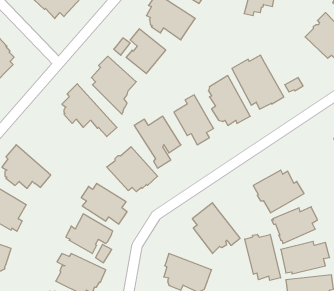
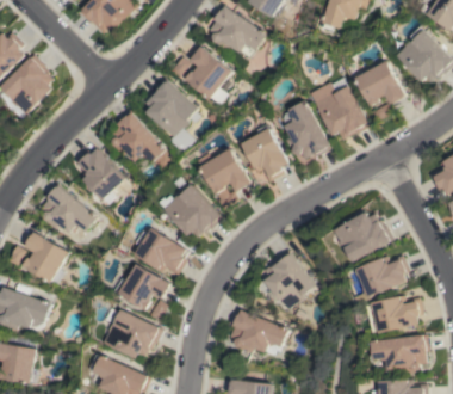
building: none -> [354,60,404,105]
building: none -> [74,148,128,204]
building: [245,234,281,280] -> none

